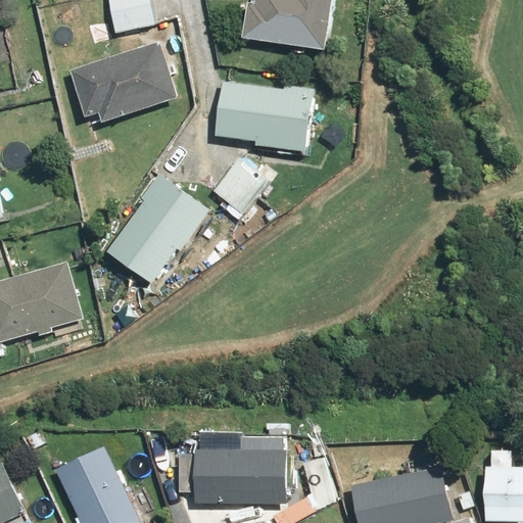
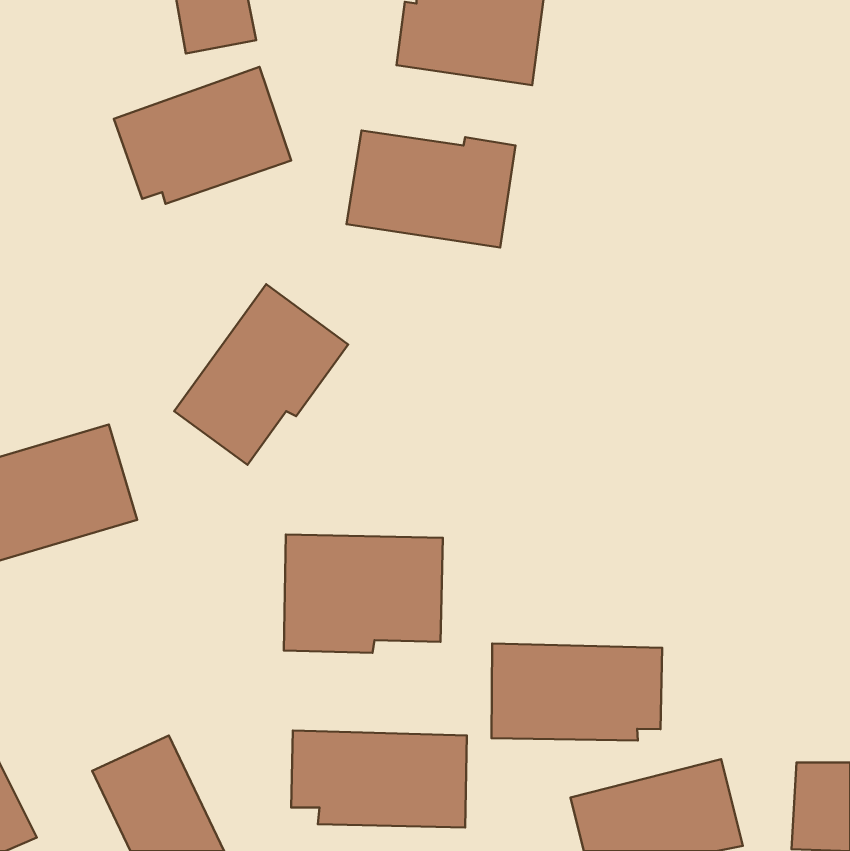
building: [213,151,270,218] -> none
building: none -> [284,534,443,653]
building: none -> [492,644,662,741]

